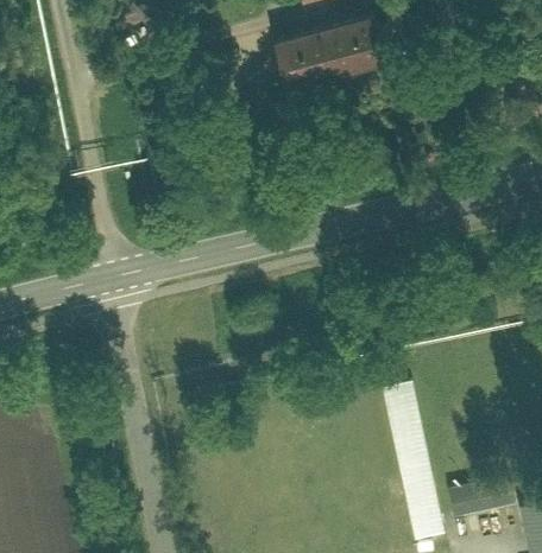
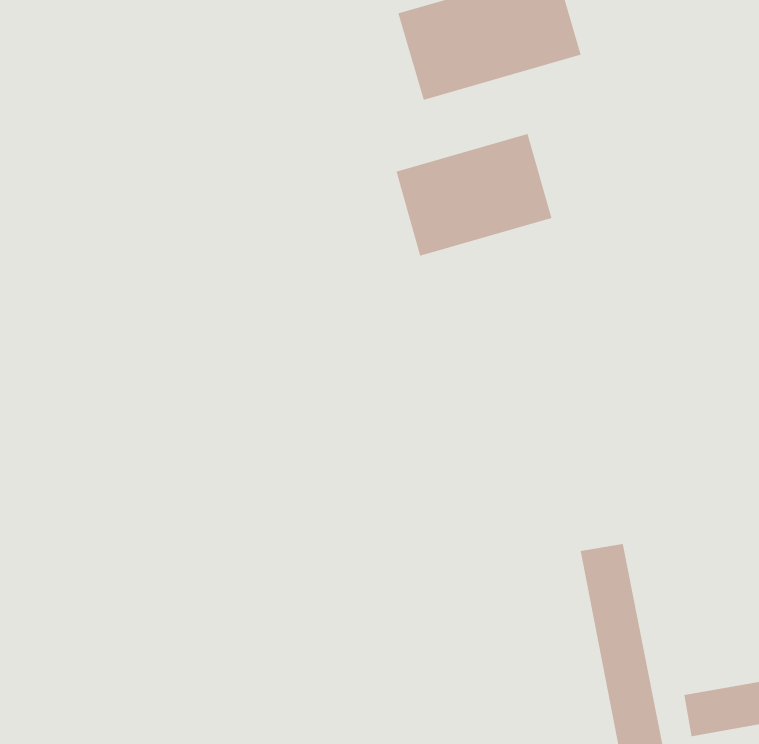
building: none -> [396,133,552,257]

